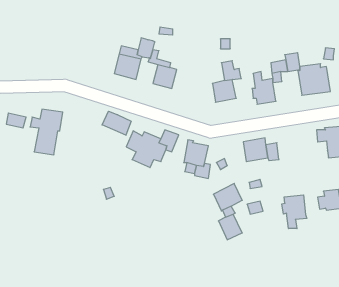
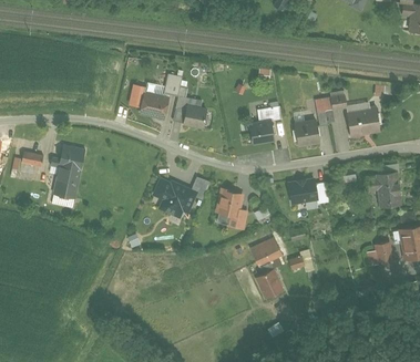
building: [102,111,131,135] -> none
building: [282,195,307,229] -> none

